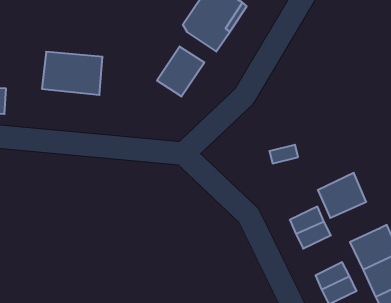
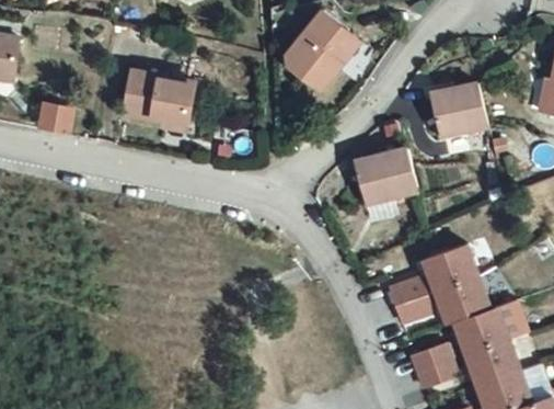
building: none -> [434,86,485,140]
building: [157,46,204,97] -> none
building: none -> [353,147,414,203]
building: none -> [432,275,487,322]

